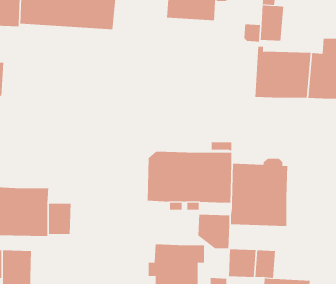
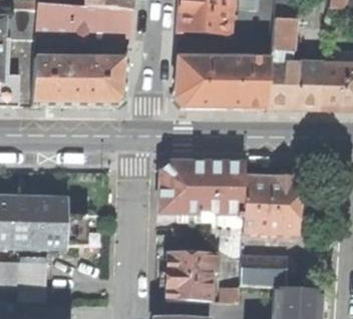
building: none -> [173,56,270,107]
building: none -> [32,57,125,106]

